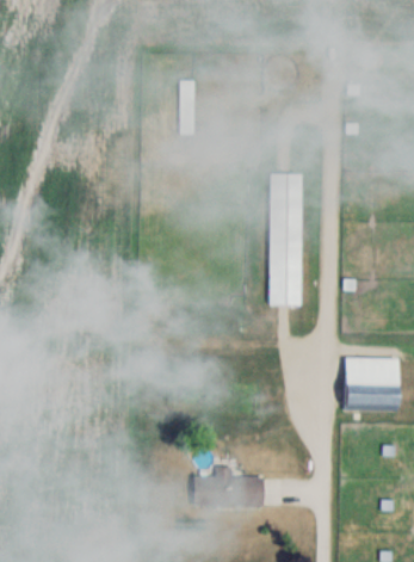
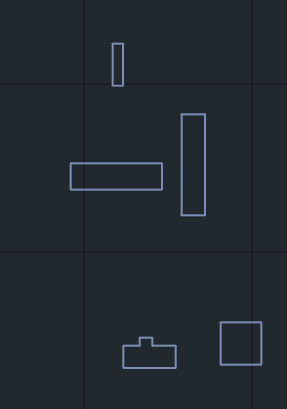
building: none -> [71,163,162,190]
building: [345,357,398,412] -> [220,323,261,364]

